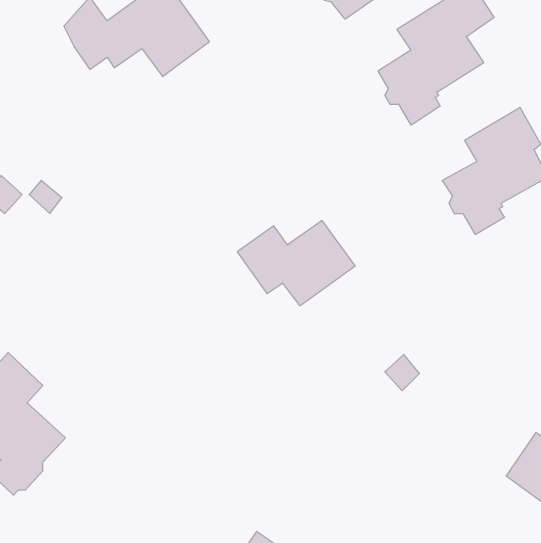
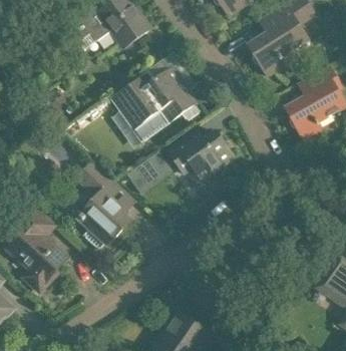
building: none -> [108,65,202,141]
building: none -> [126,147,172,192]
building: none -> [75,161,128,247]

